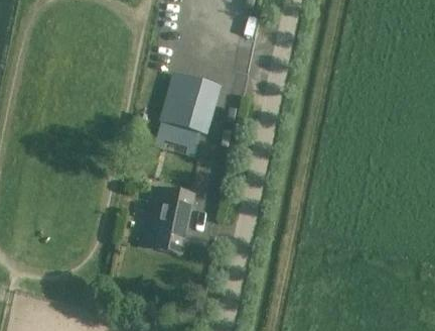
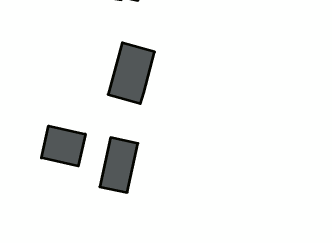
building: none -> [41,126,85,166]

